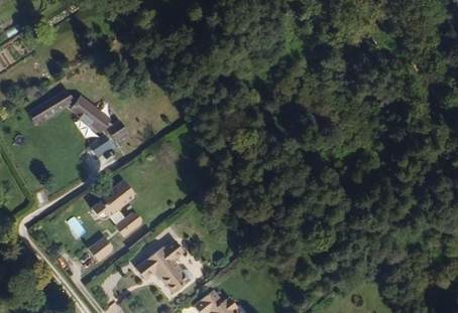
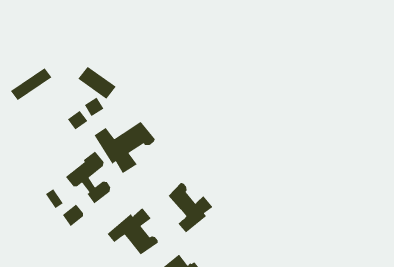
building: [75,98,117,134] -> [77,66,117,100]
building: none -> [93,121,156,174]
building: none -> [168,182,213,234]

